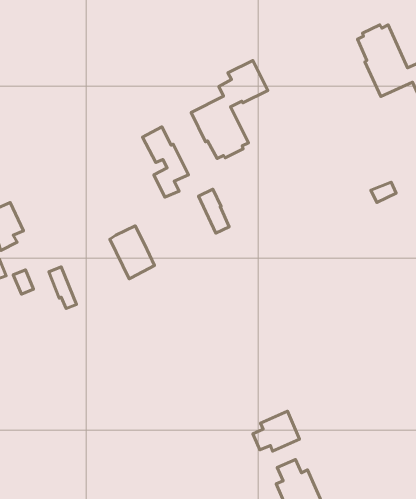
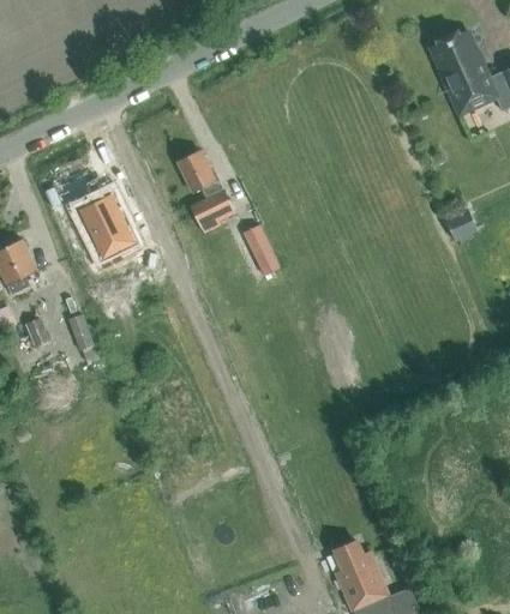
building: [191,60,268,158] -> none
building: [110,226,155,279] -> [79,194,132,257]
building: [253,411,300,451] -> none

